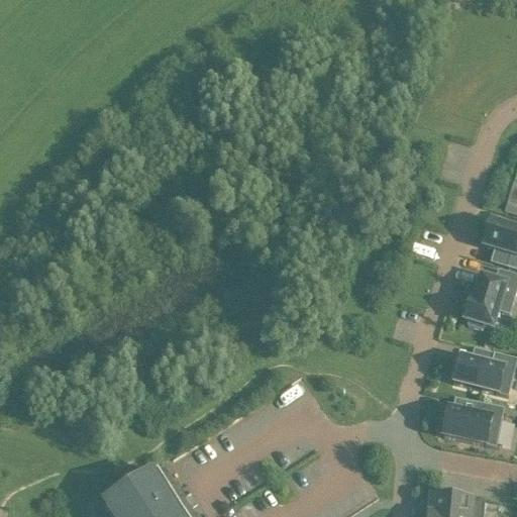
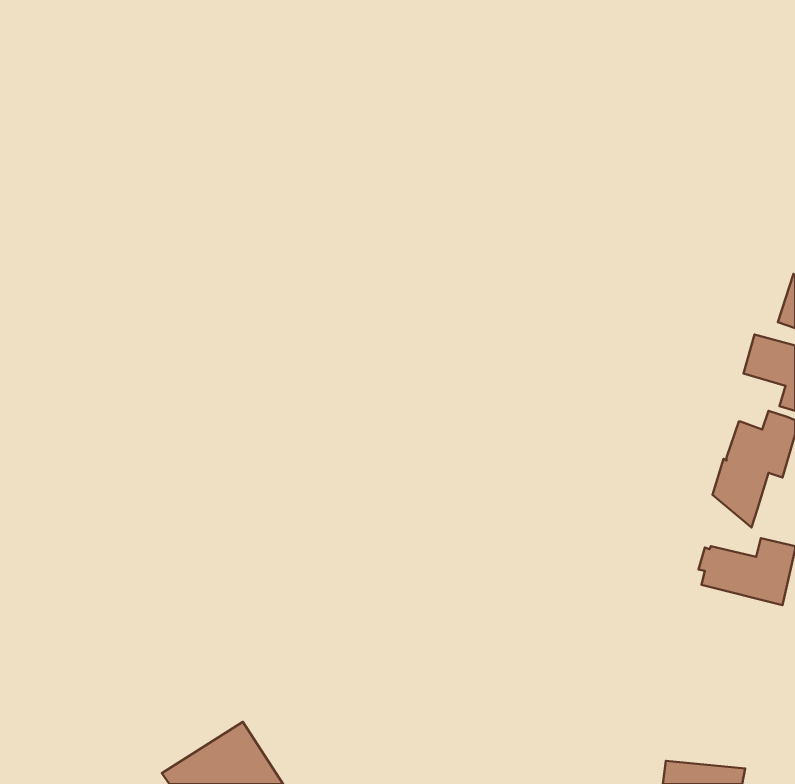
building: [443,399,505,444] -> none

